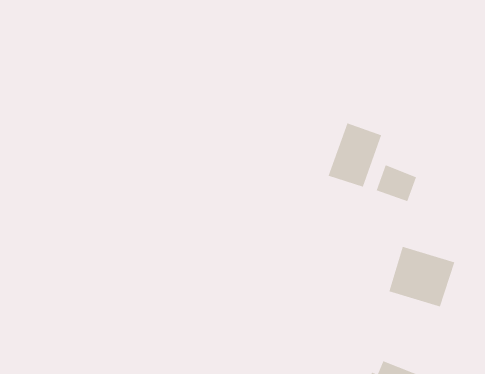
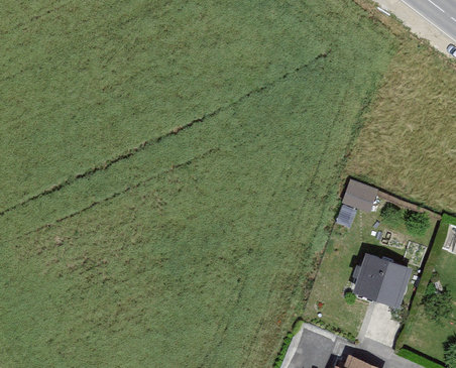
building: [328,123,382,188] -> none

